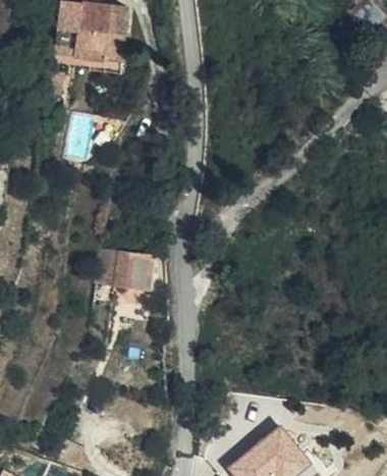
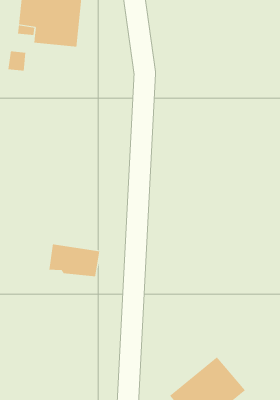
building: [96,252,155,289] -> [48,244,100,277]

